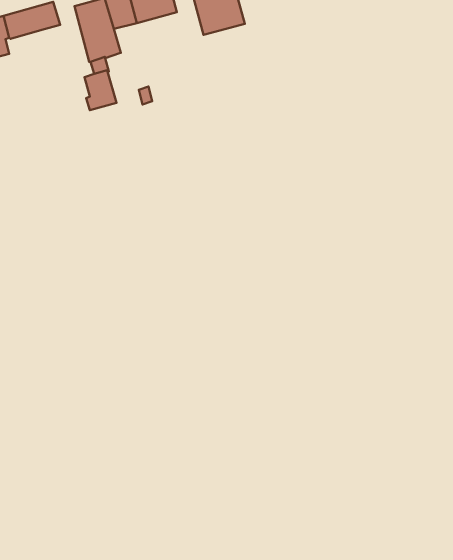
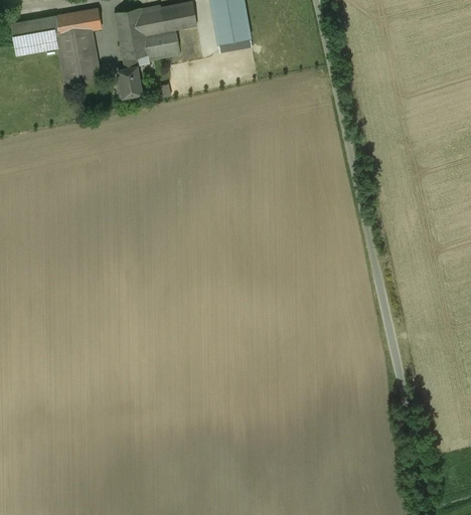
building: none -> [145,29,179,59]
building: none -> [56,30,95,83]

